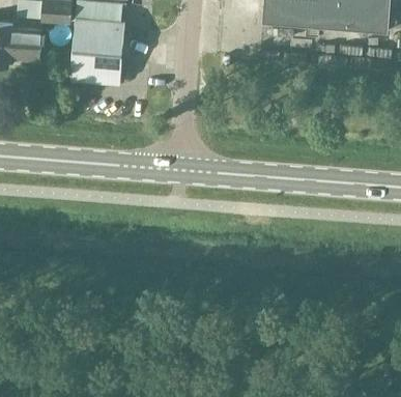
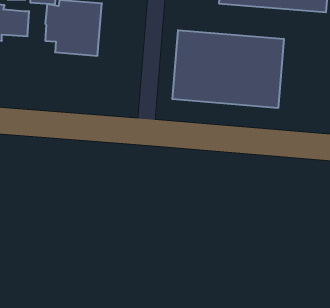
building: none -> [173,30,284,108]

